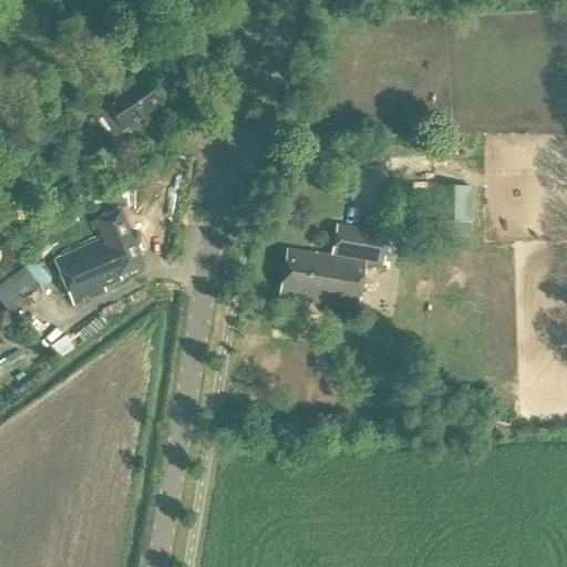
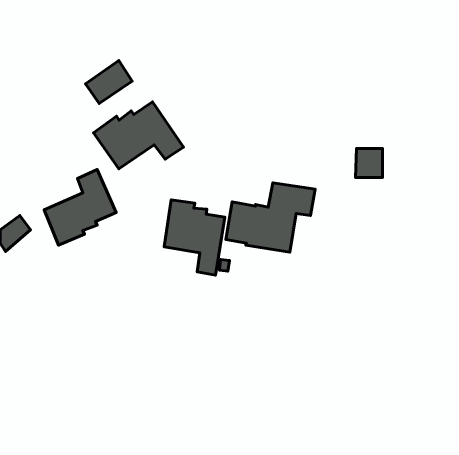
building: none -> [93,102,183,169]
building: none -> [164,200,225,275]

